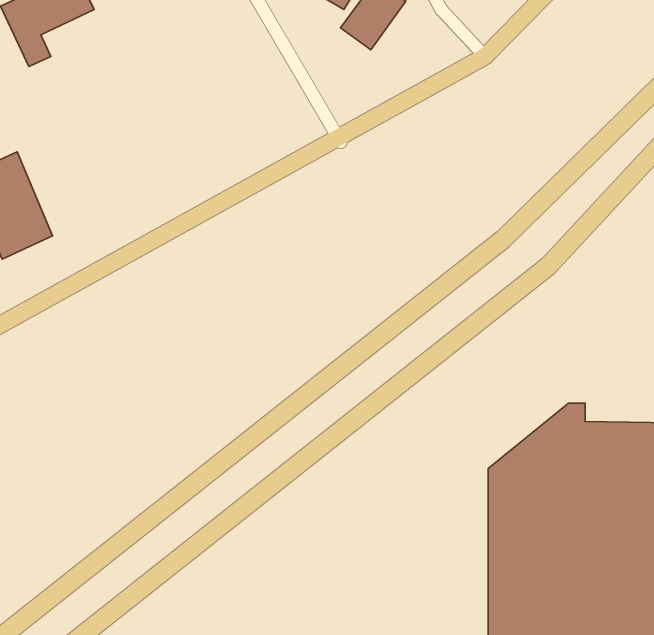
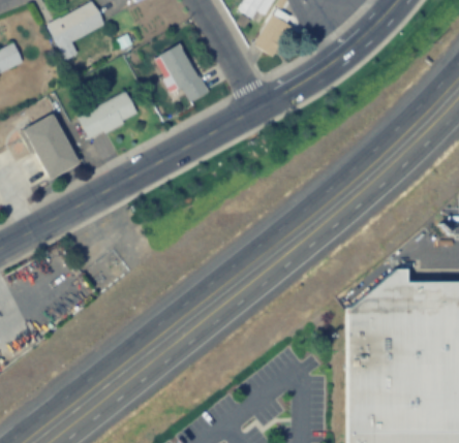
building: none -> [155,43,207,102]
building: none -> [78,92,139,138]

